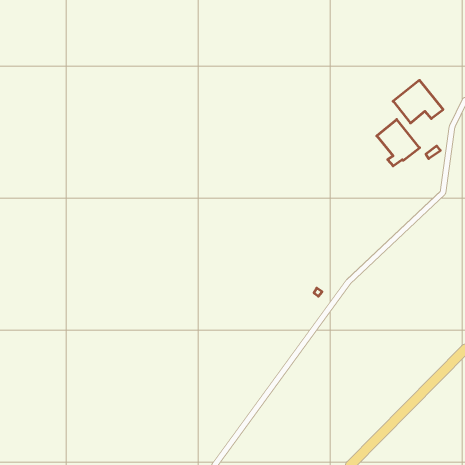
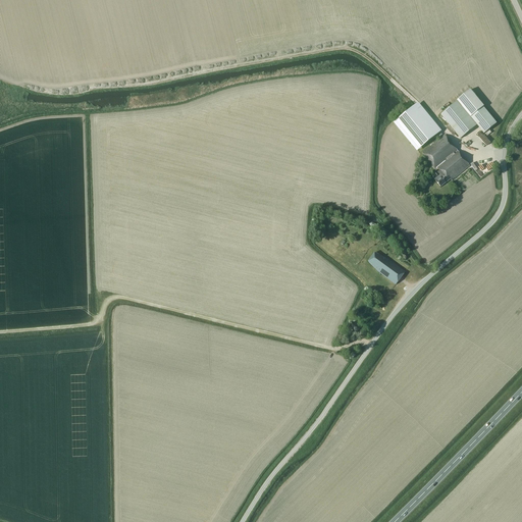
building: none -> [394,101,441,150]
building: none -> [364,249,401,280]

